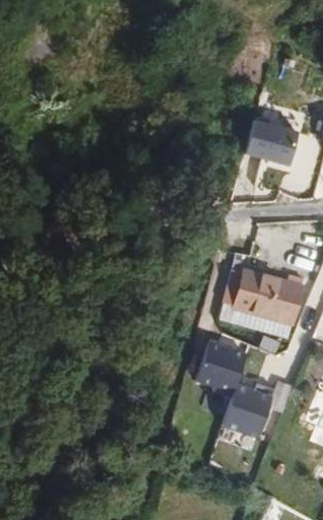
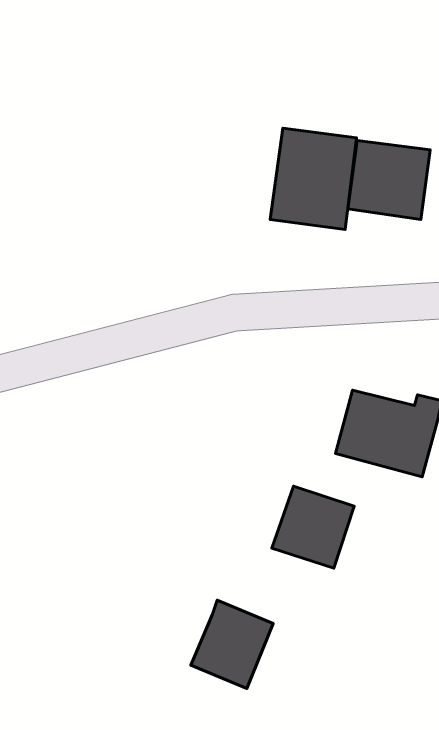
building: none -> [270,128,356,230]
building: [218,380,272,438] -> [191,600,273,689]

